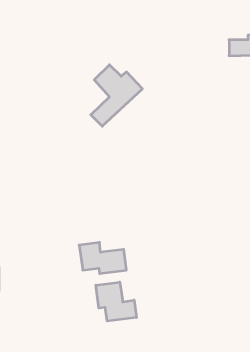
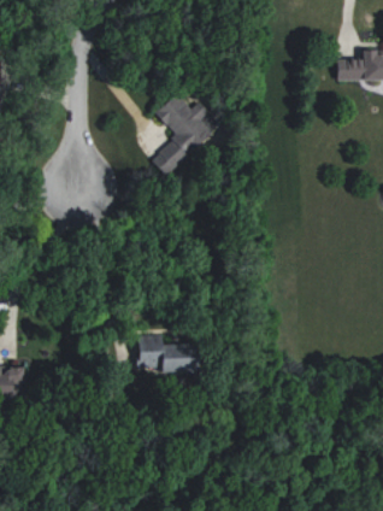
building: [96,282,136,321] -> none

